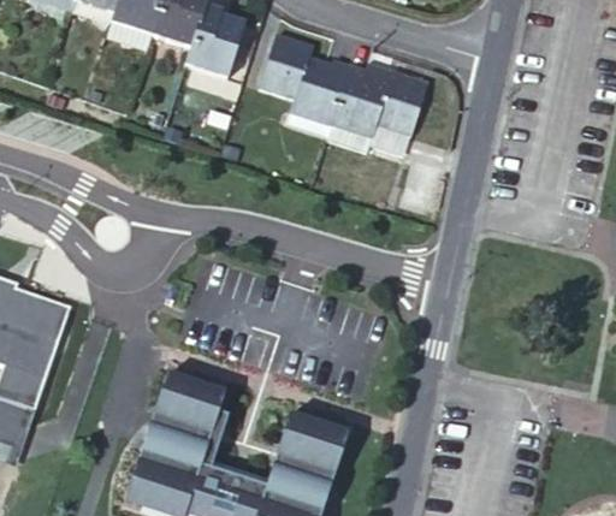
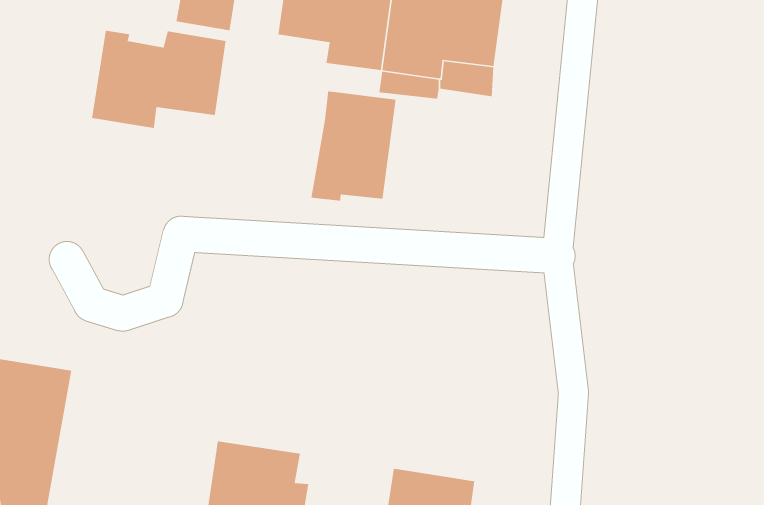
building: none -> [91,30,227,129]
building: none -> [310,90,397,202]

